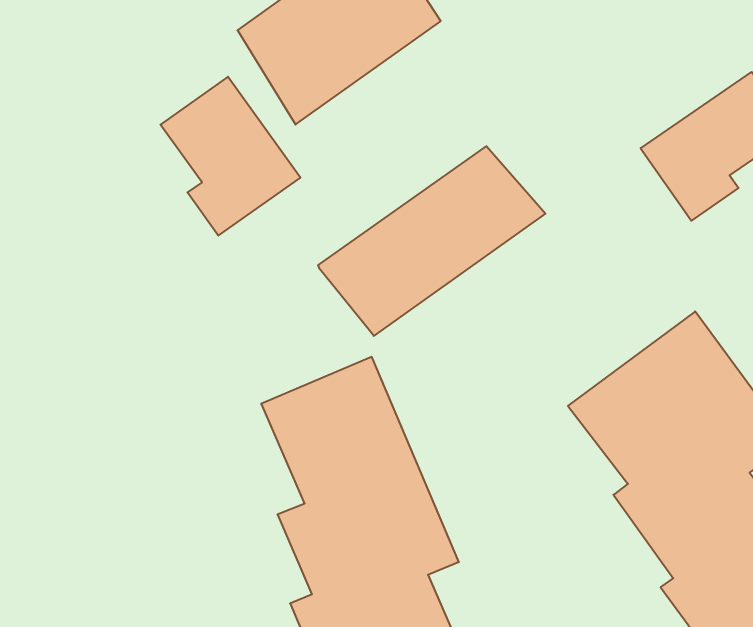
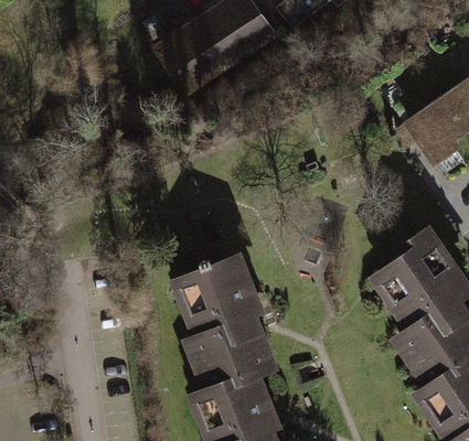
building: [160,77,300,236] -> none
building: [318,146,545,336] -> none

